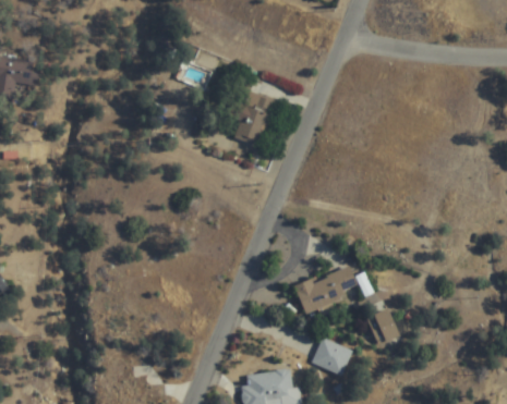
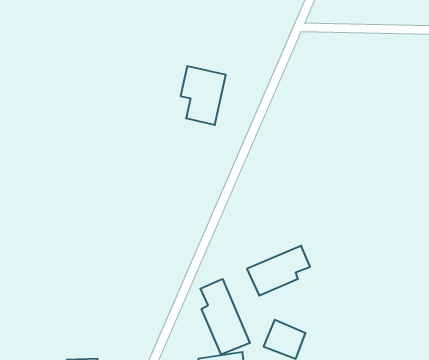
building: none -> [200,279,250,355]
building: [367,308,398,343] -> none

